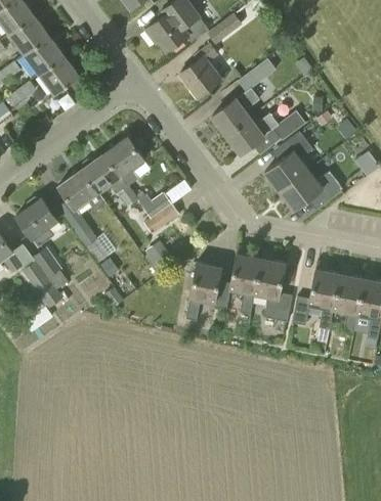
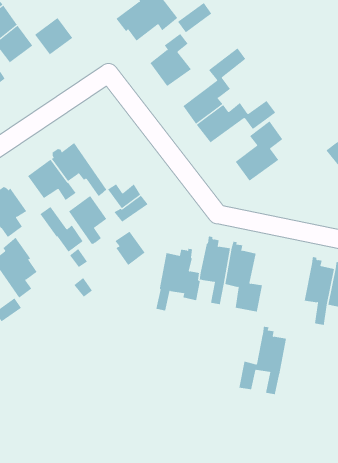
building: [40,56,79,94] -> [34,17,73,55]
building: [104,136,143,186] -> [68,195,107,245]
building: [279,170,342,211] -> none
building: [292,261,340,329] -> [239,326,287,395]

